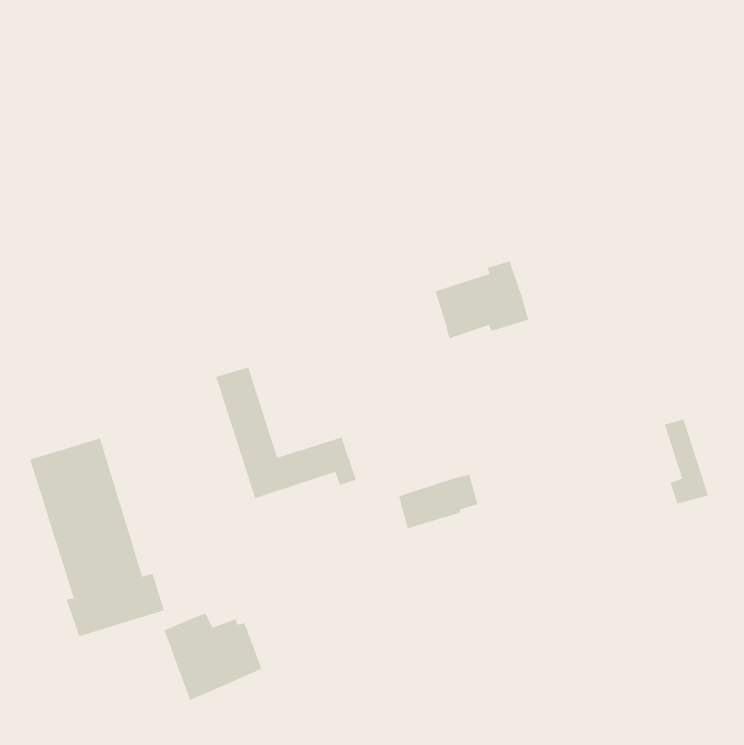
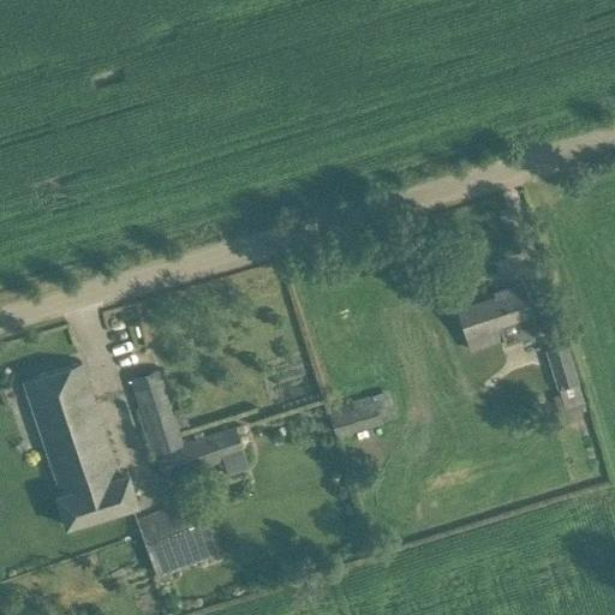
building: [434,260,529,339] -> [456,283,535,348]
building: [215,366,357,499] -> [130,369,246,478]

